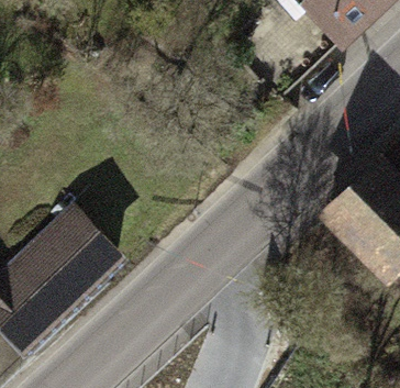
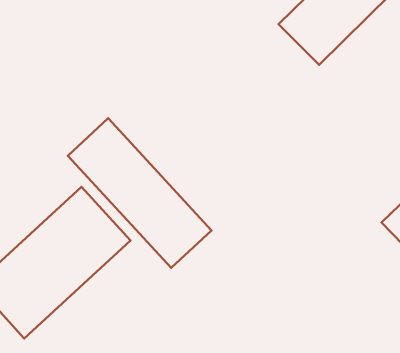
building: none -> [68,118,211,268]

